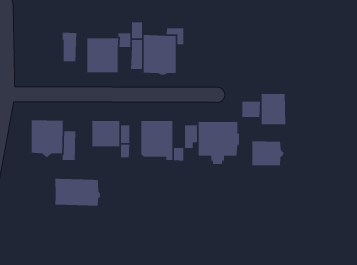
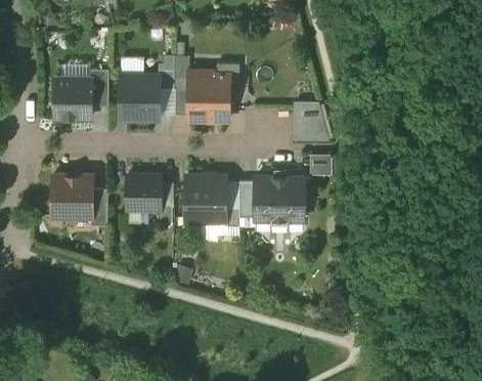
building: none -> [54,79,91,118]
building: [261,93,286,125] -> [294,99,324,138]
building: [251,140,285,166] -> none
building: [54,178,101,206] -> none

